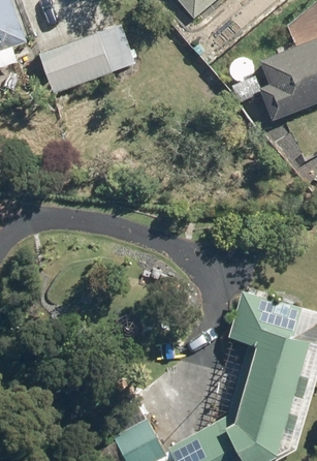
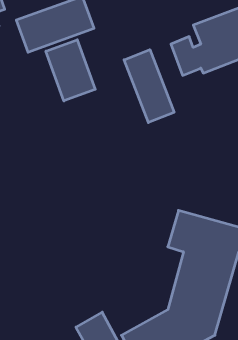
building: none -> [46,40,95,101]
building: none -> [124,50,174,123]

